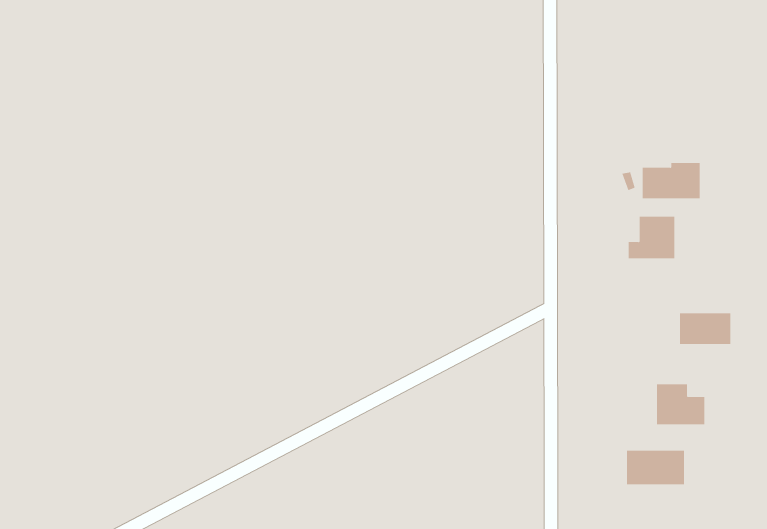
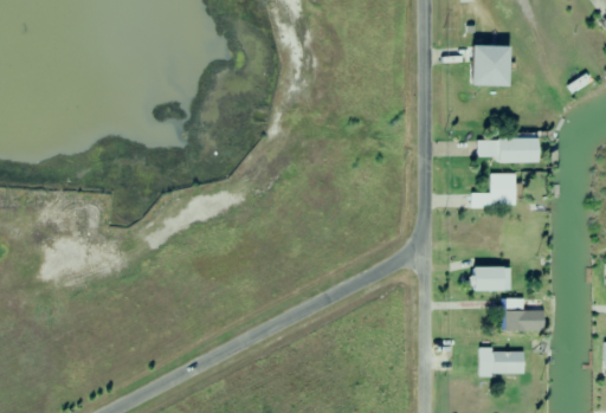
building: none -> [473,50,498,83]
building: [679,313,731,344] -> [471,266,510,290]

